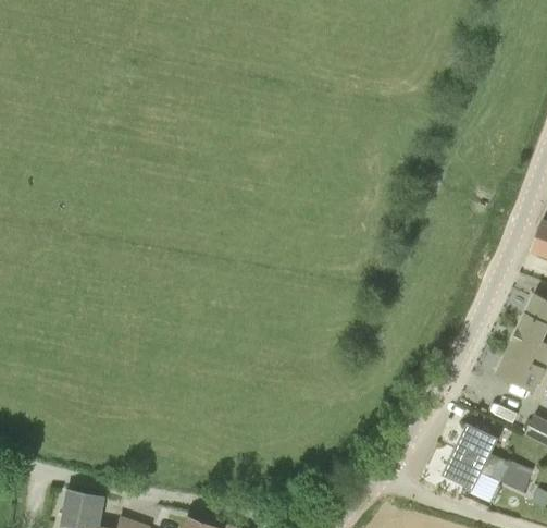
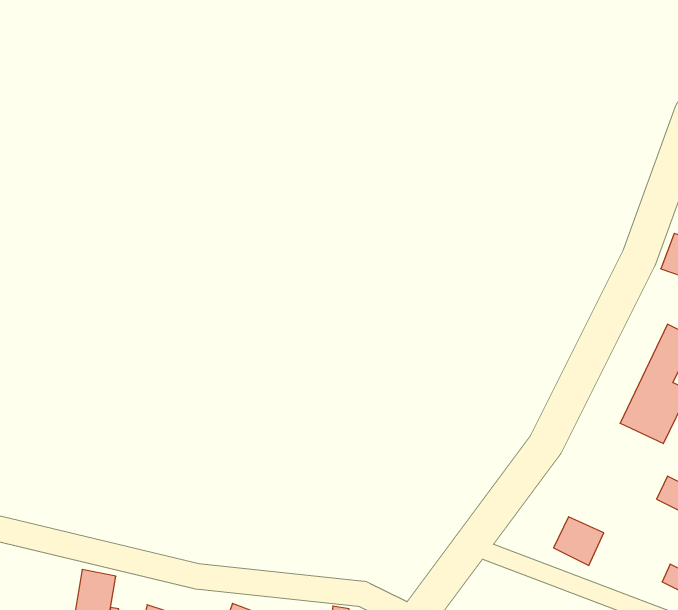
building: [458,423,498,462] -> none
building: [492,458,533,491] -> none

